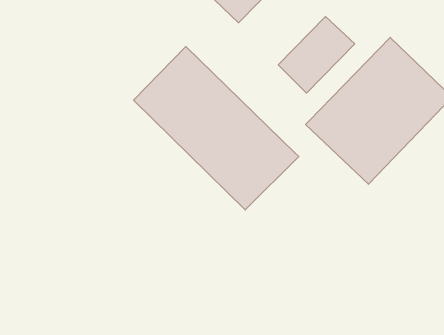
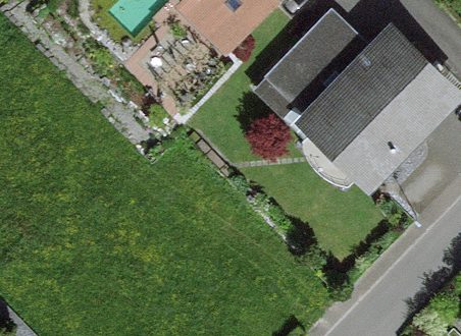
building: [134,47,299,210] -> none

